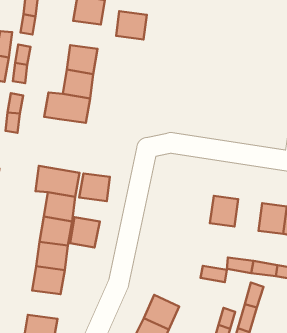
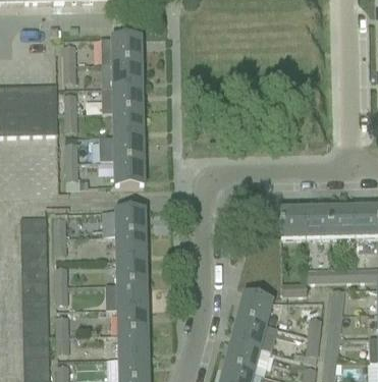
building: [116,11,147,39] -> [113,60,142,86]
building: [79,173,110,201] -> [116,159,144,184]
building: none -> [305,208,330,235]
building: [70,217,100,247] -> none
building: none -> [238,292,271,323]
building: none -> [118,331,148,357]

